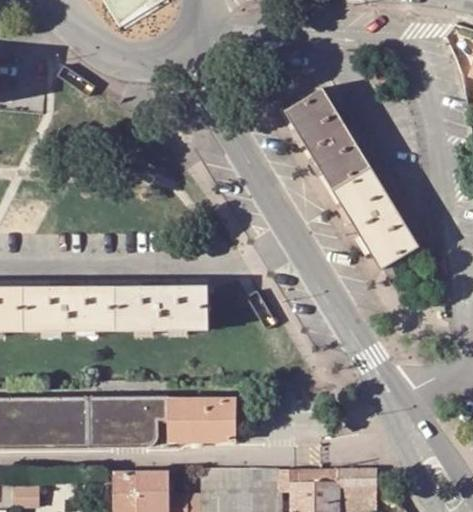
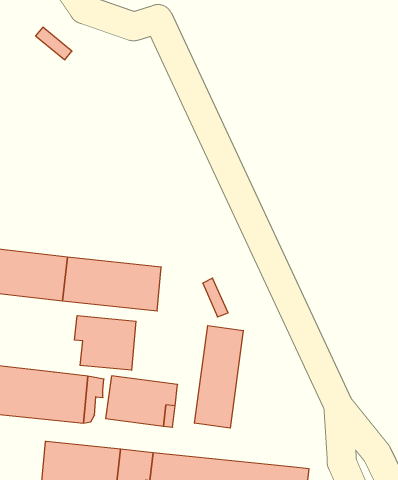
building: [286,89,418,269] -> none
building: none -> [195,326,243,428]
building: none -> [75,316,136,370]

